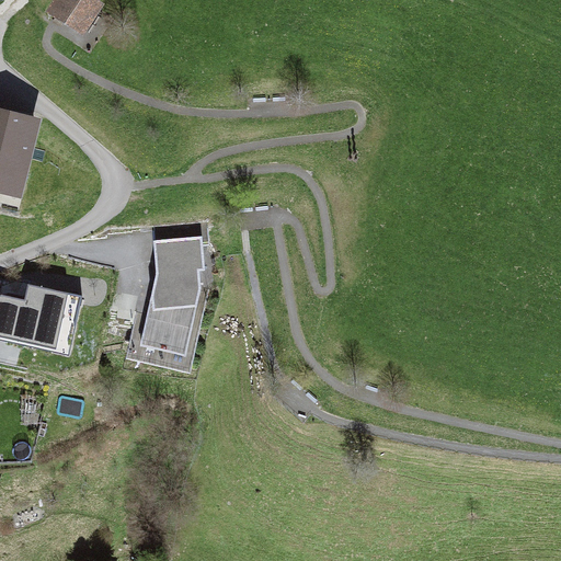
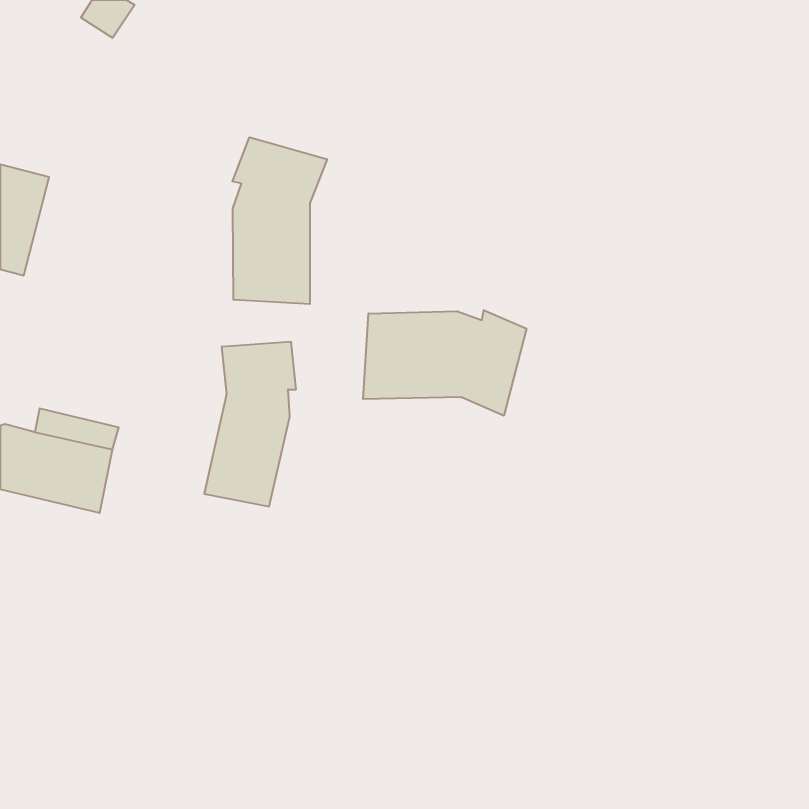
building: none -> [232,137,327,304]
building: none -> [363,310,526,416]

